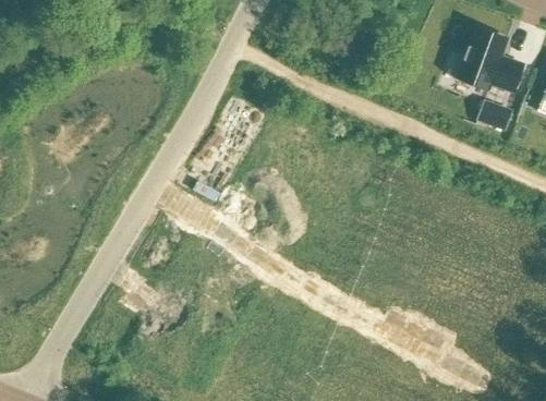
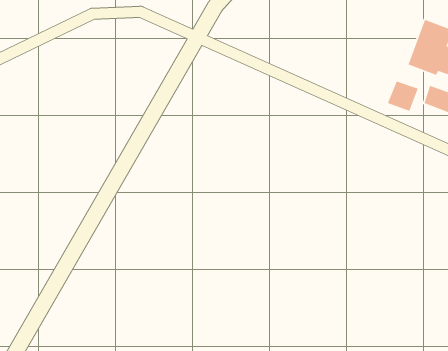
building: none -> [387,80,419,112]

